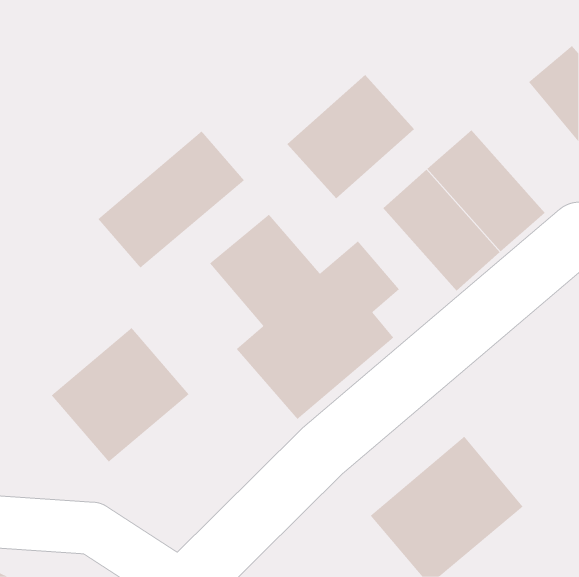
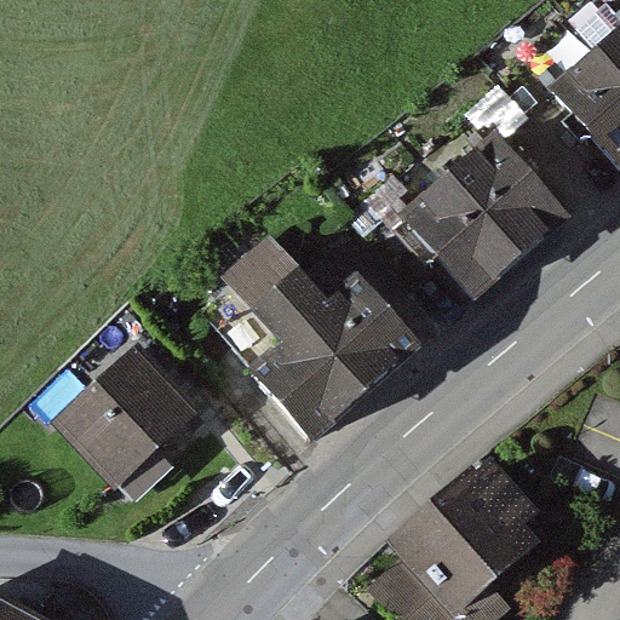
building: [286,74,415,199] -> none
building: [97,131,245,269] -> none

